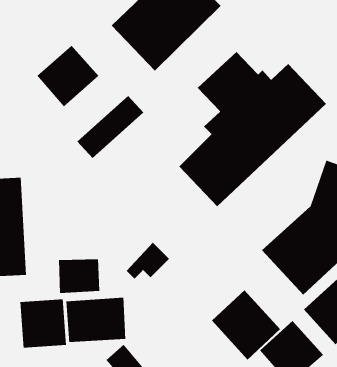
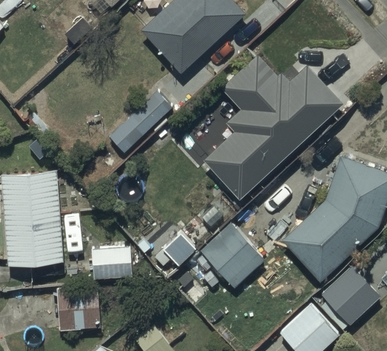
building: [36,45,99,107] -> none
building: [211,289,281,360] -> [200,223,265,289]
building: [66,297,126,343] -> none

